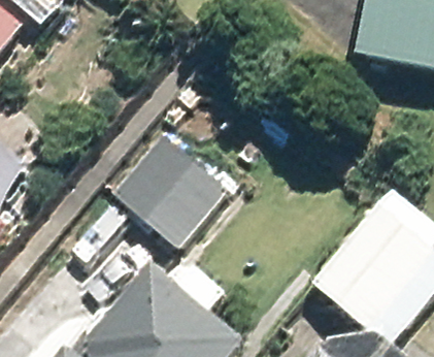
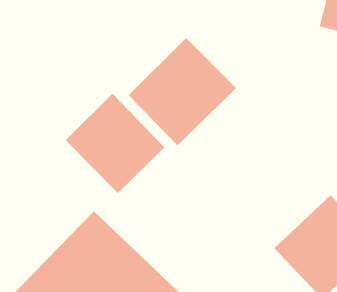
building: none -> [128,37,237,146]

